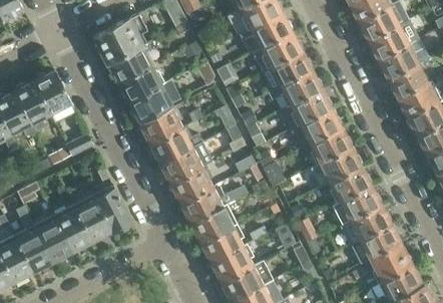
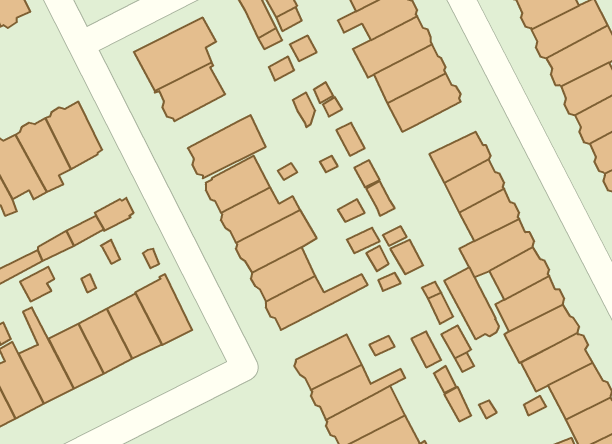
building: [119,64,162,100] -> none
building: [268,69,321,104] -> none
building: none -> [444,267,499,339]
building: [190,205,235,242] -> none

